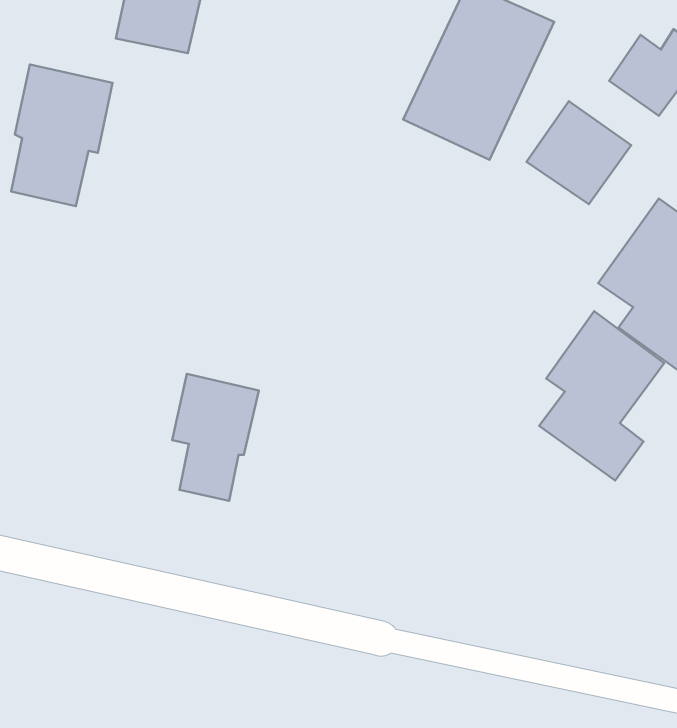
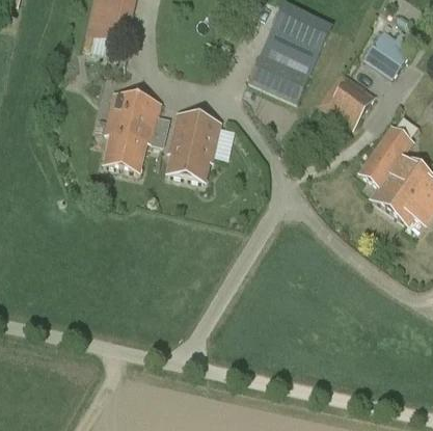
building: [11,64,113,206] -> [104,92,161,172]
building: [539,311,664,481] -> none
building: [172,374,259,501] -> [170,112,219,184]

